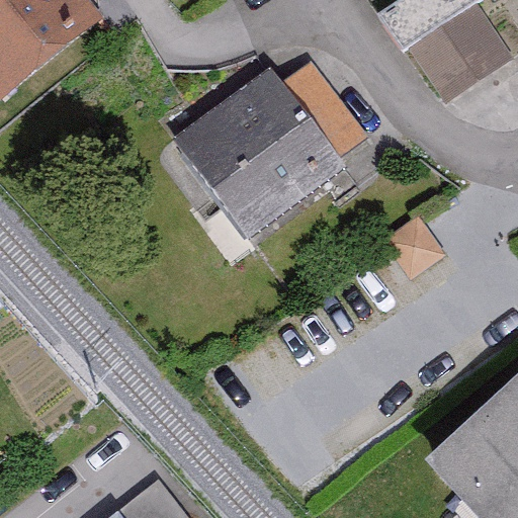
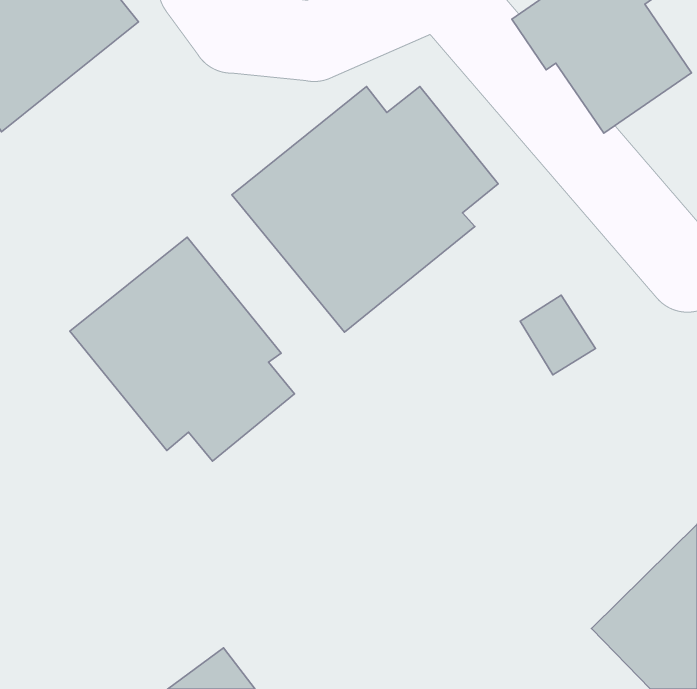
building: none -> [70,237,294,461]

